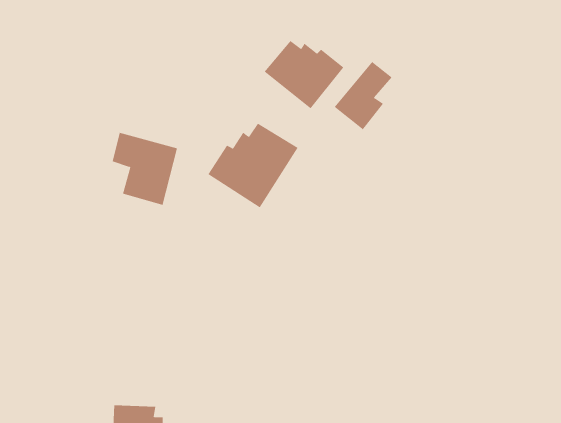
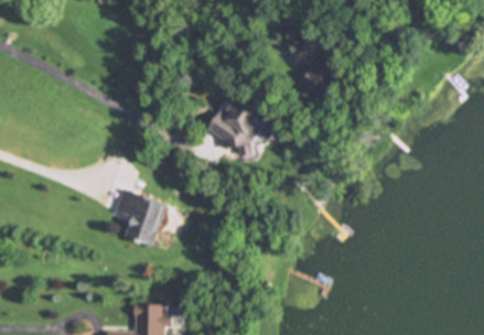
building: [264,40,344,109] -> none
building: [112,132,178,206] -> [115,192,164,247]

